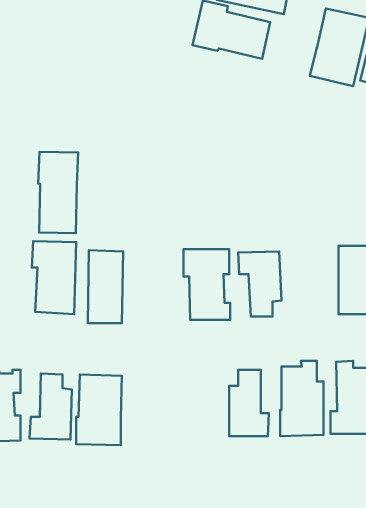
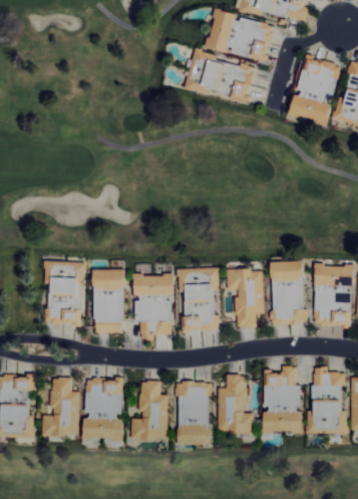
building: [38,152,78,233] -> none
building: none -> [271,261,307,324]
building: none -> [133,275,172,339]
building: none -> [130,381,168,441]
building: none -> [174,382,210,445]

